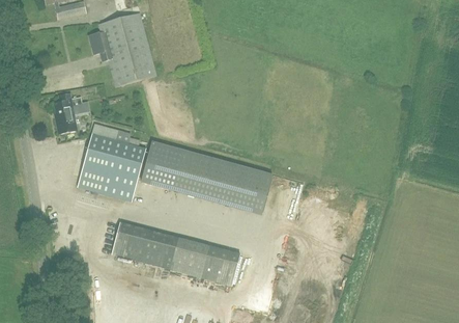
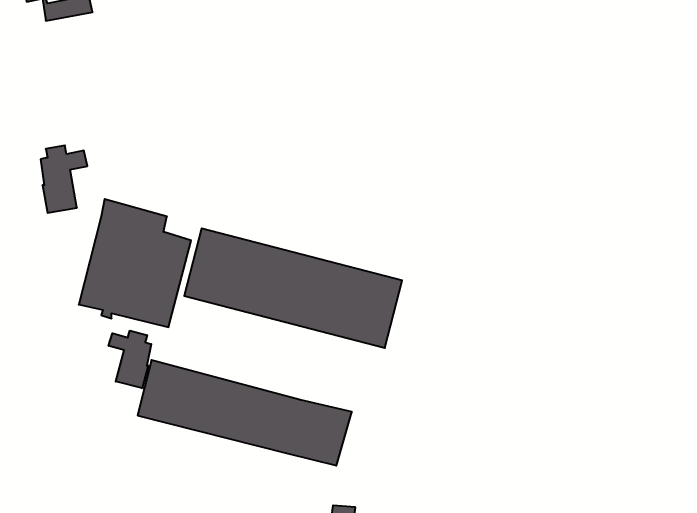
building: [89,14,157,85] -> none
building: none -> [109,331,151,388]

